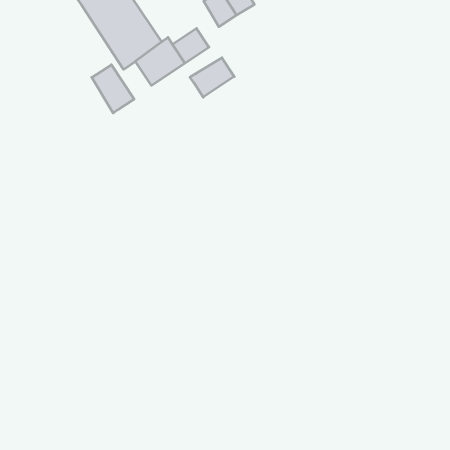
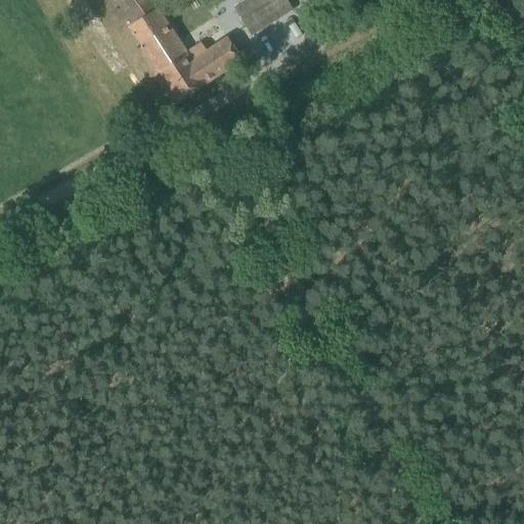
building: [190,58,234,97] -> none
building: [92,65,134,113] -> none

